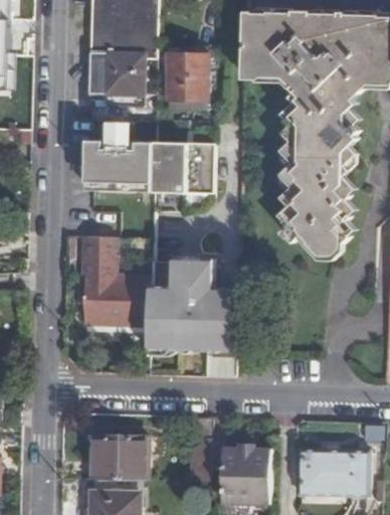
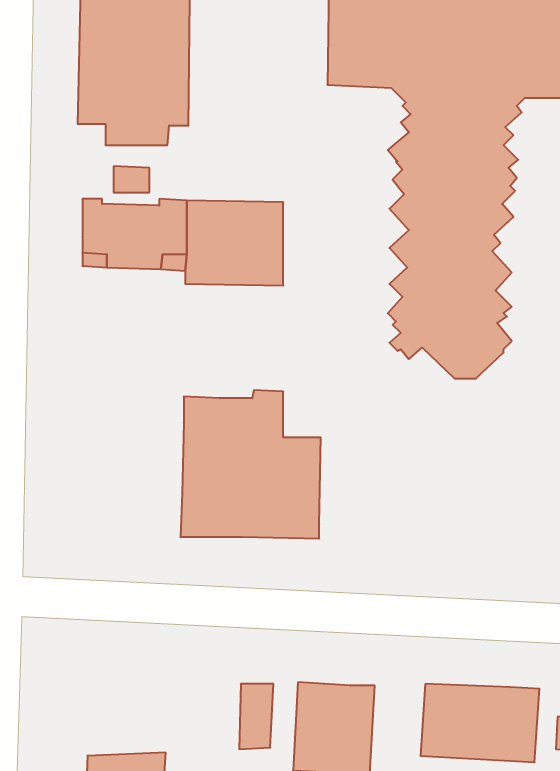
building: [165,53,208,98] -> none
building: [84,239,152,324] -> none
building: [92,438,147,486] -> none

